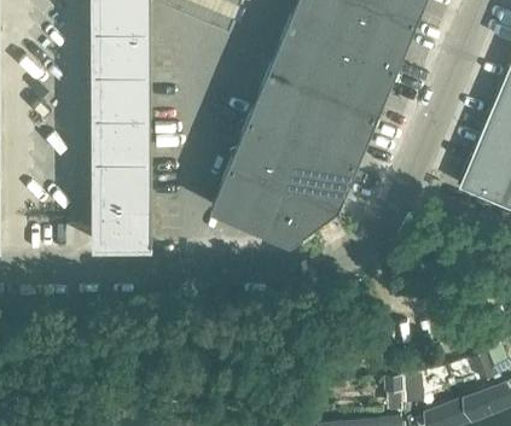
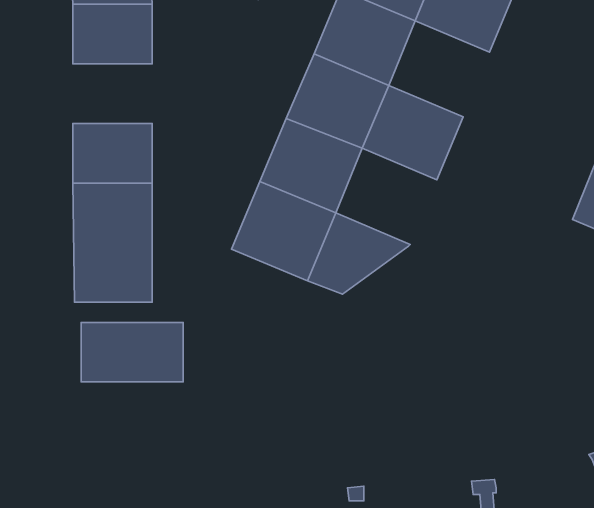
building: [324,40,397,110] -> none
building: [93,71,151,115] -> none
building: [285,133,359,203] -> none
building: none -> [81,322,183,382]

